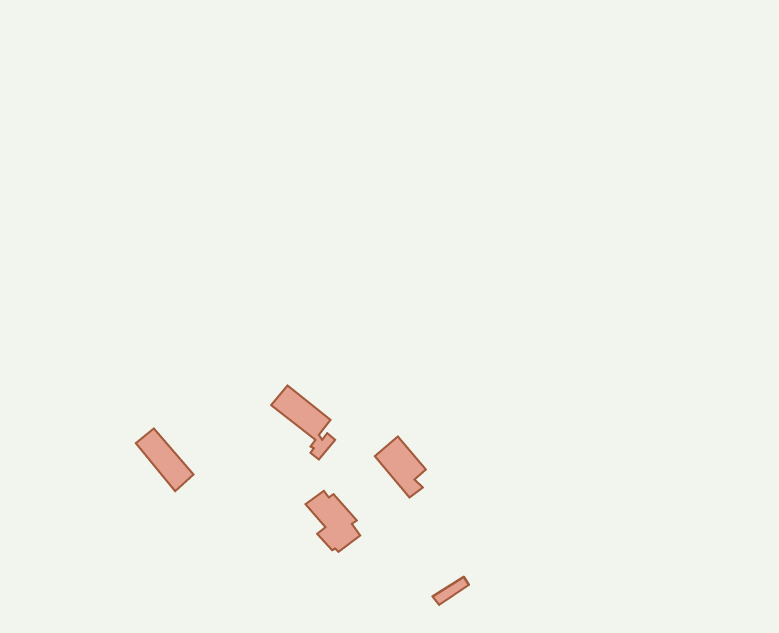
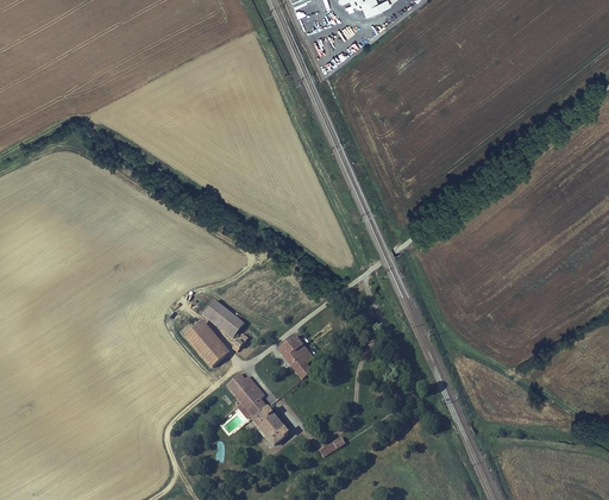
building: [136,428,193,491] -> [183,320,225,365]
building: none -> [252,406,287,443]

